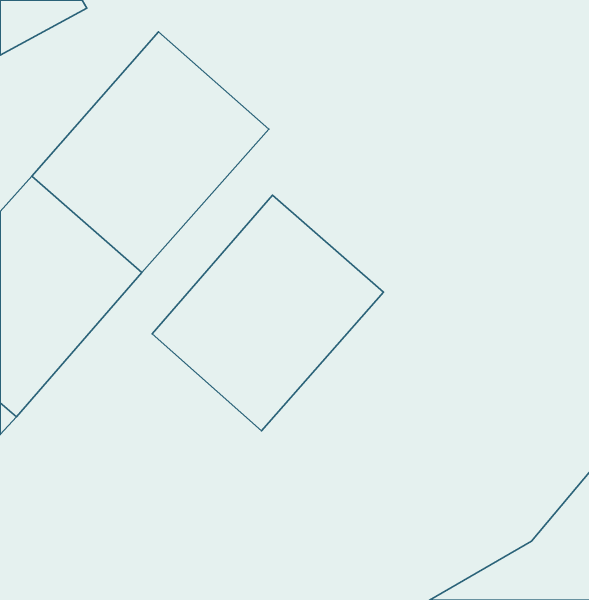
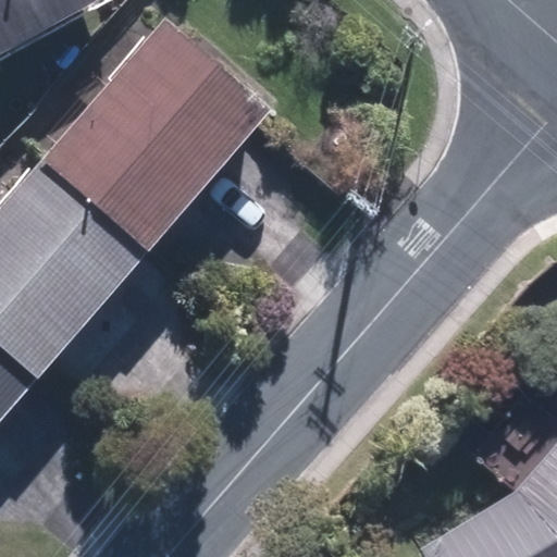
building: [152,195,383,431] -> none

